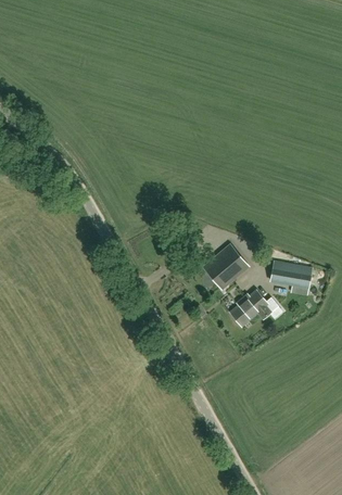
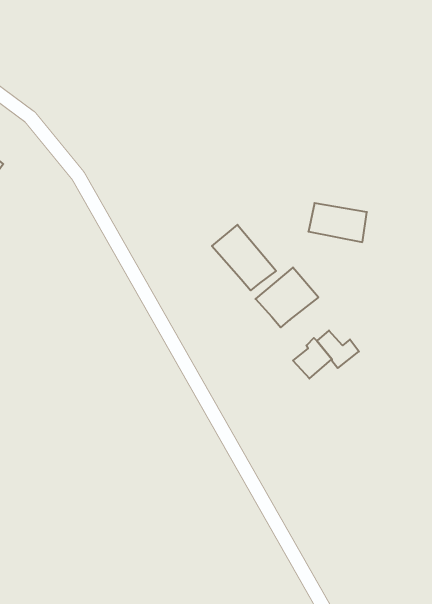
building: none -> [212,225,276,290]
building: [269,262,312,290] -> [308,203,367,242]

